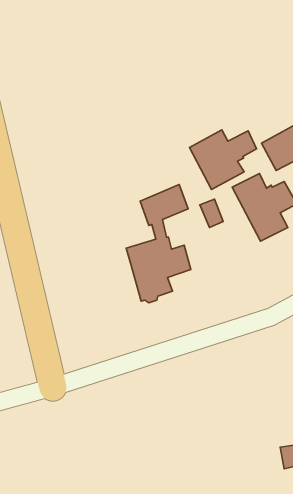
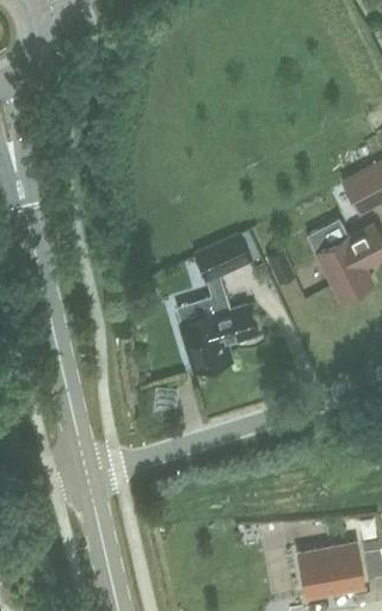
building: [189,130,257,190] -> none
building: none -> [298,547,361,597]

